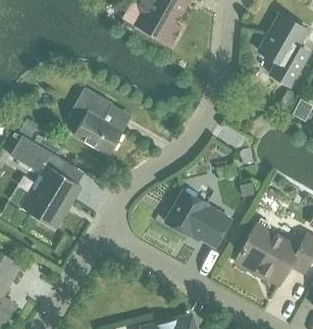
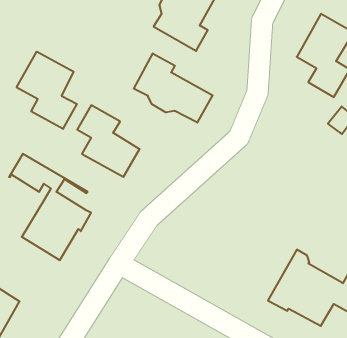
building: none -> [17,52,77,129]
building: none -> [134,53,213,123]
building: [165,190,231,246] -> none

